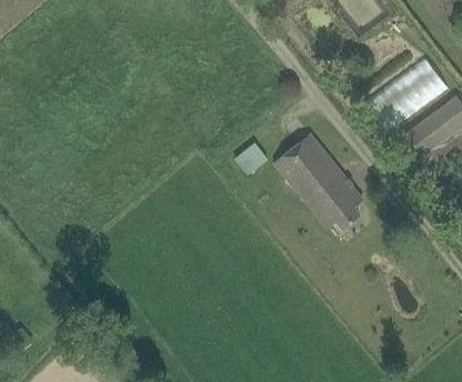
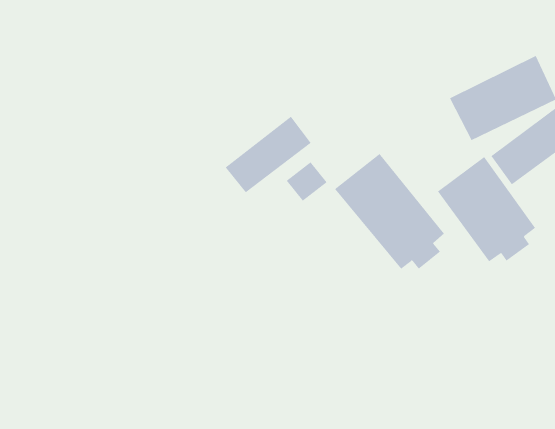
building: none -> [225,116,311,193]
building: none -> [437,156,536,262]

